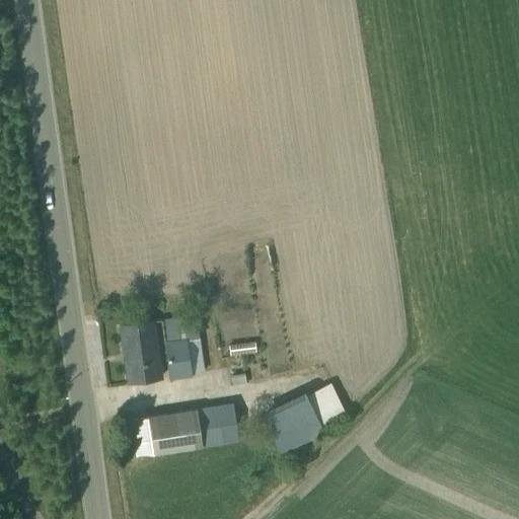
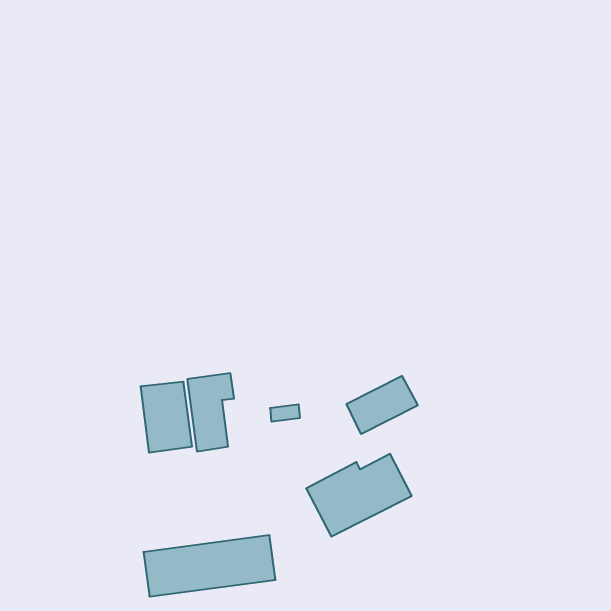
building: none -> [347,376,418,434]
building: [129,404,240,456] -> [143,535,276,596]

